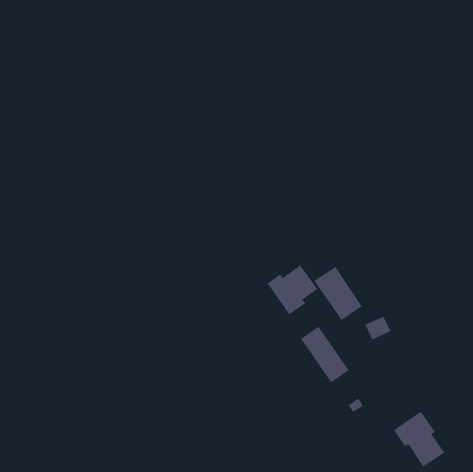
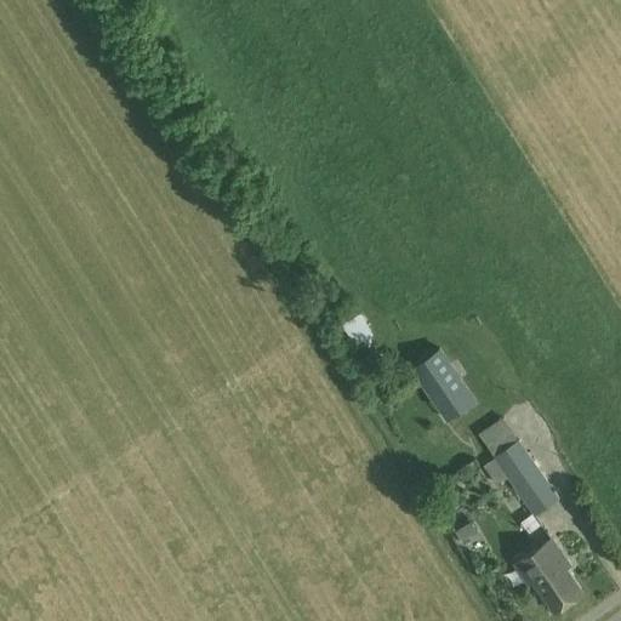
building: [267,265,318,315] -> none
building: [300,326,349,383] -> [494,441,558,517]

